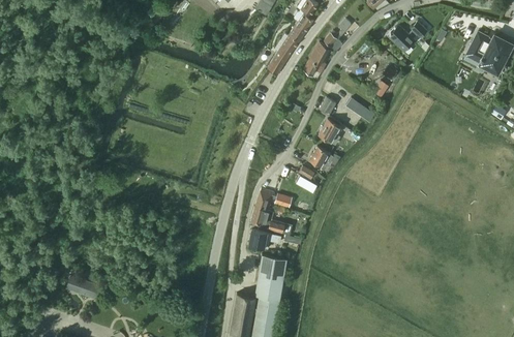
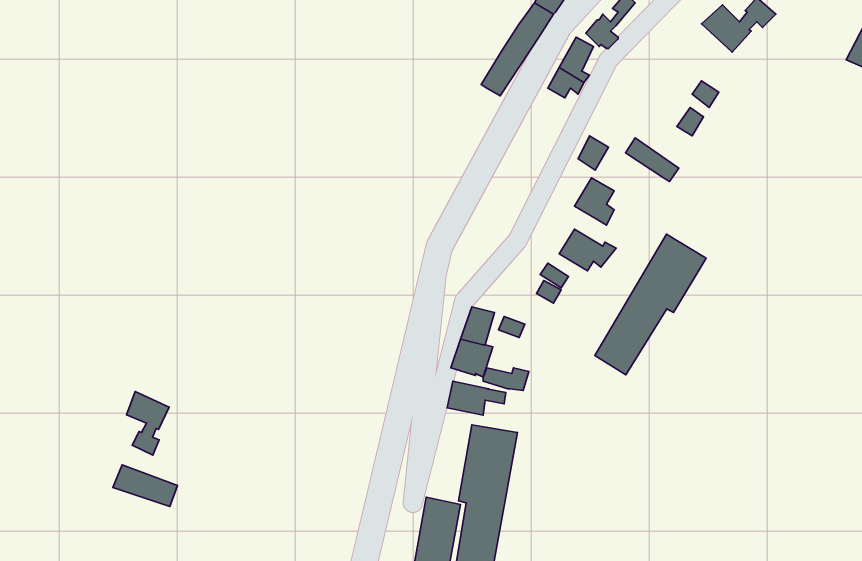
building: none -> [595,234,706,375]
building: none -> [127,392,169,455]

